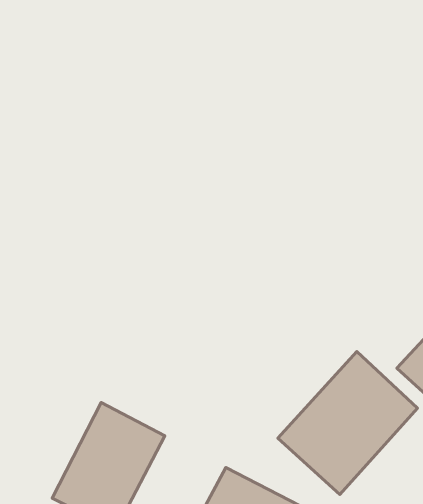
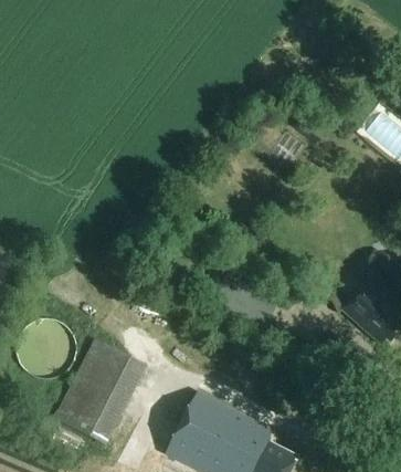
building: [278,352,418,494] -> none

